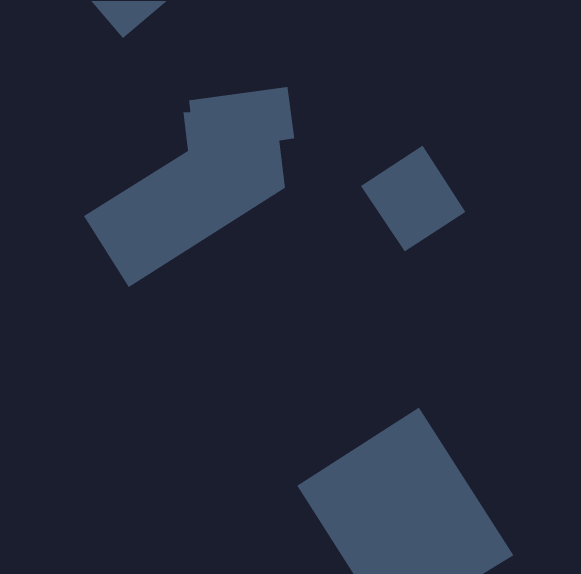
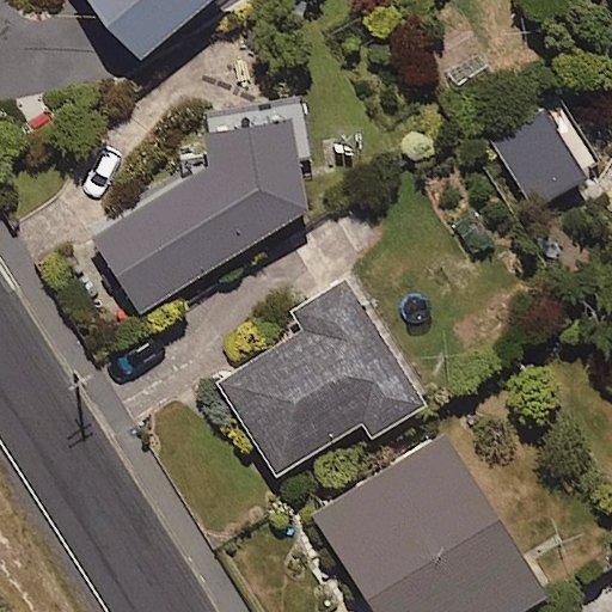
building: [360,145,467,252] -> [490,99,601,212]
building: none -> [218,280,422,477]

